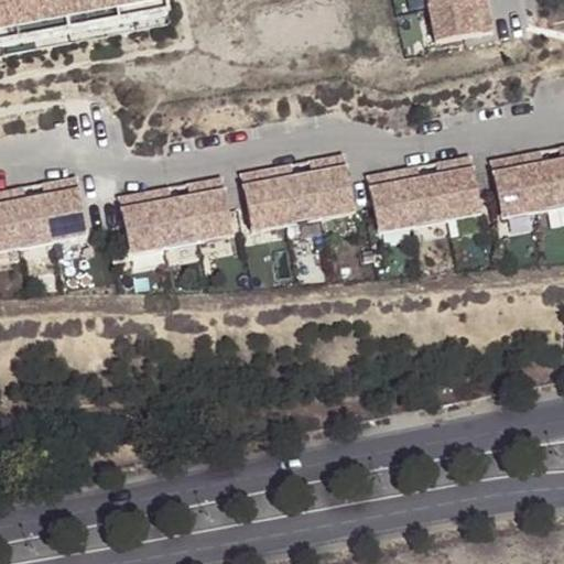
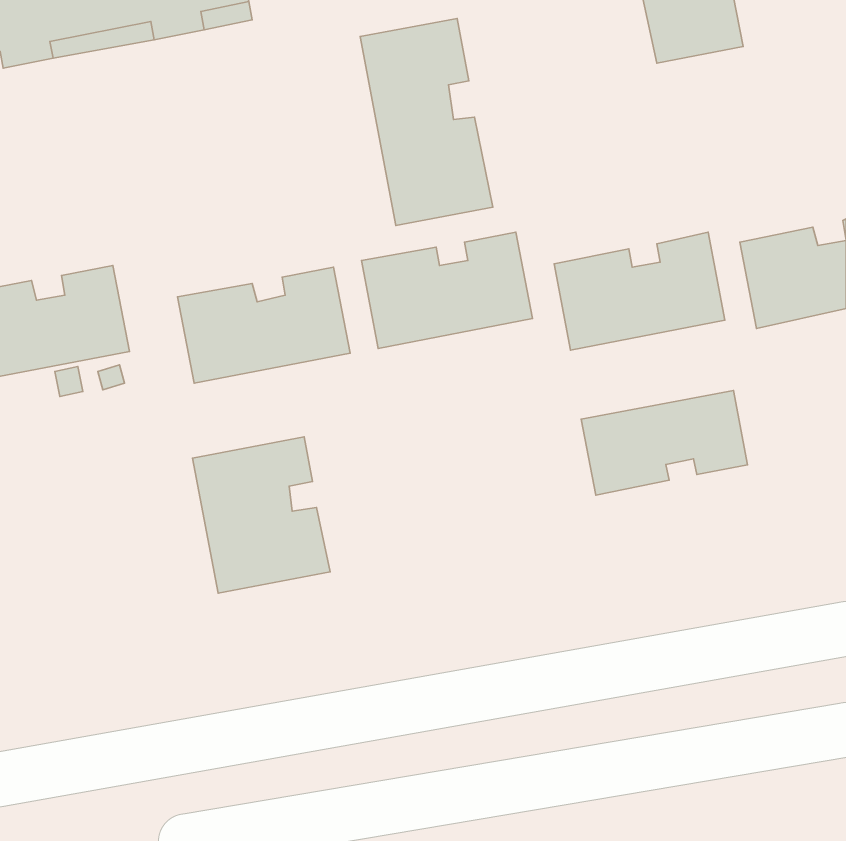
building: none -> [360,18,493,225]
building: none -> [581,390,748,495]
building: none -> [192,437,330,593]

